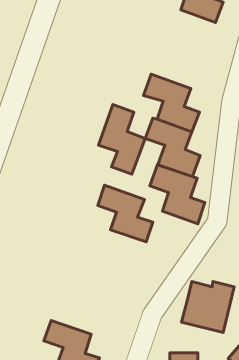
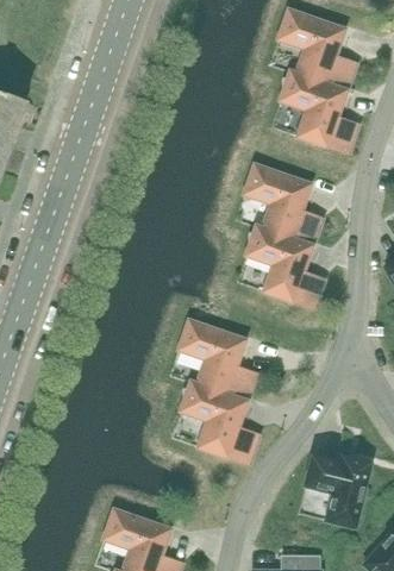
building: none -> [280,71,357,153]
building: [99,104,145,174] -> none
building: [150,165,205,224] -> [180,381,257,464]

